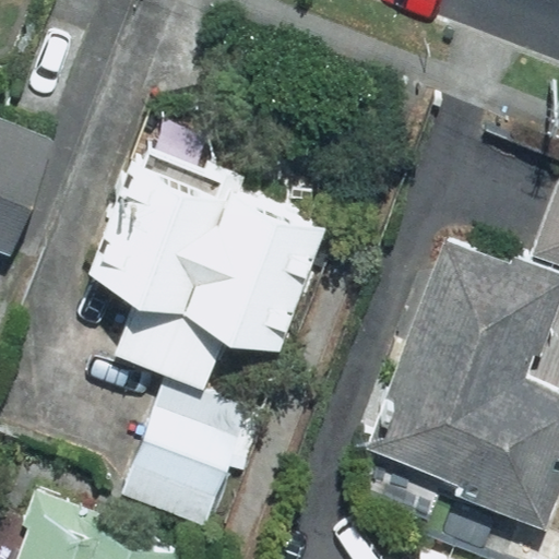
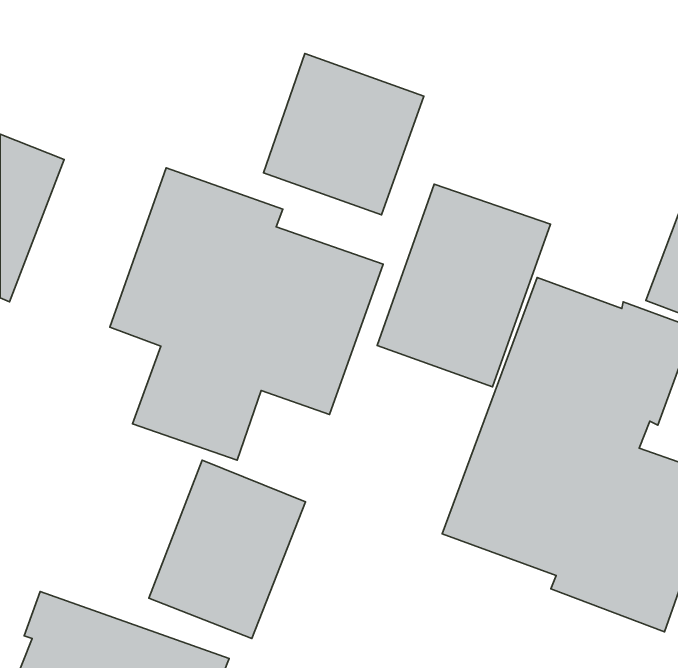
building: none -> [264,53,424,215]
building: none -> [377,184,551,387]

